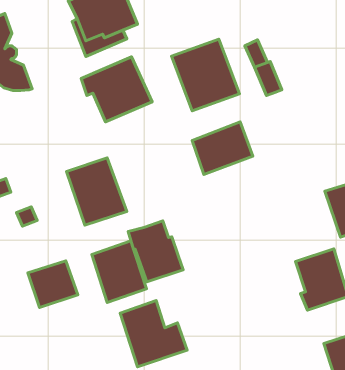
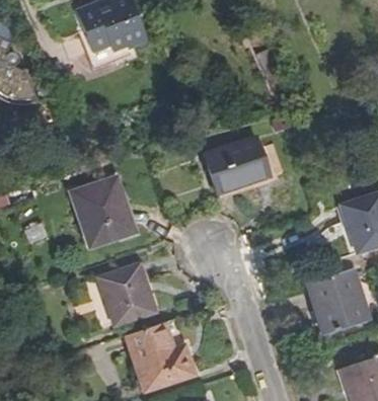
building: [171,39,240,111] -> none
building: [81,57,152,122] -> none
building: [128,221,183,282] -> none
building: [28,261,78,307] -> none

